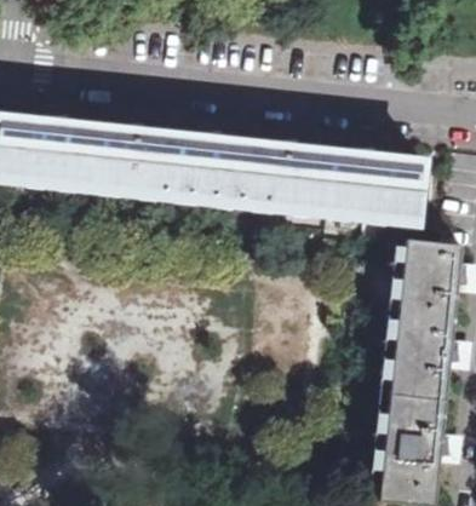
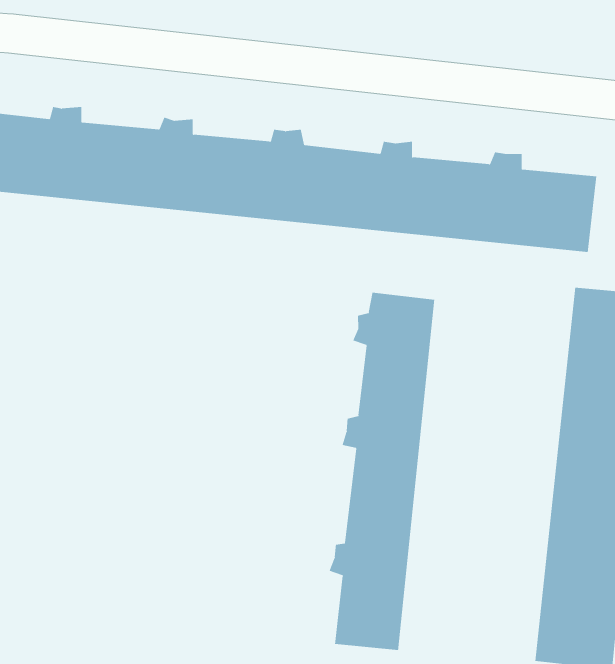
building: none -> [329,292,435,651]

